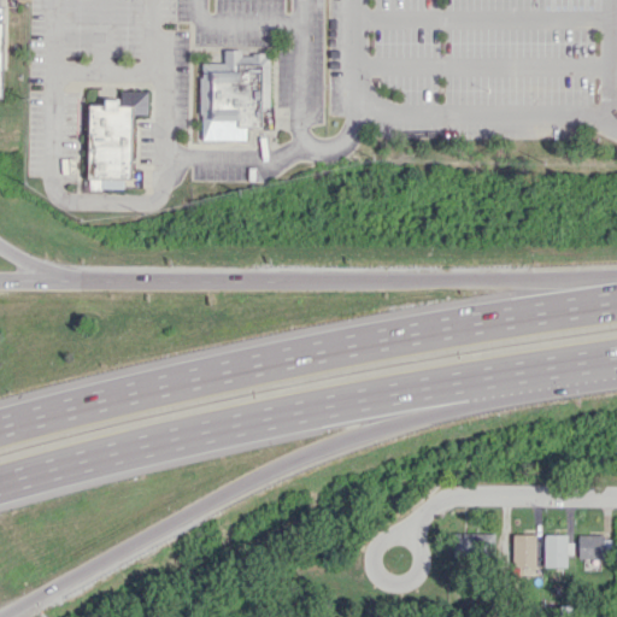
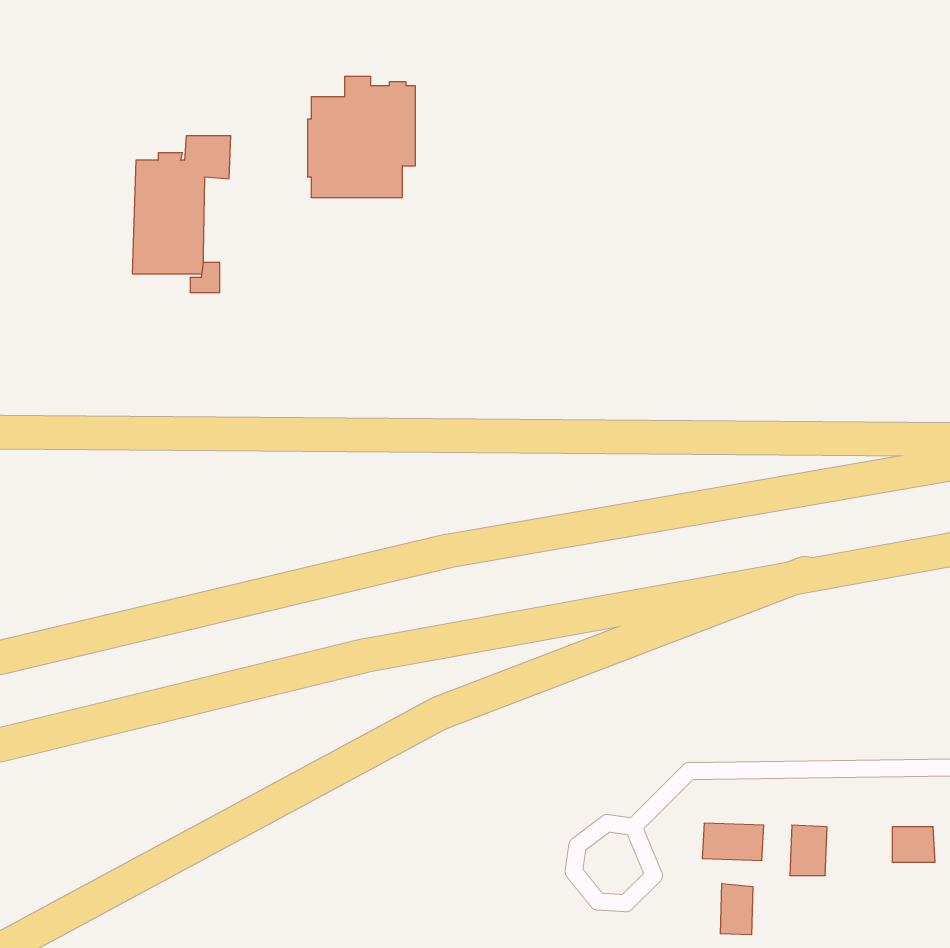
building: [543,536,570,570] -> none
building: none -> [720,883,753,935]

